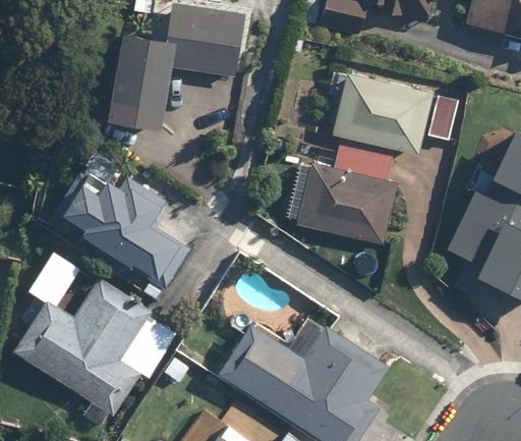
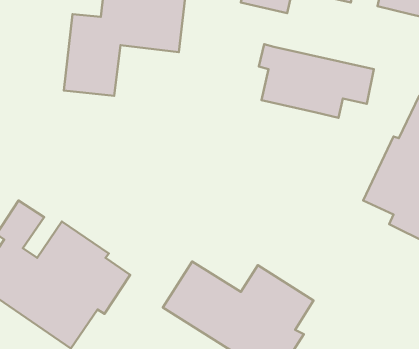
building: [288,135,397,247] -> none
building: [53,167,192,299] -> none

